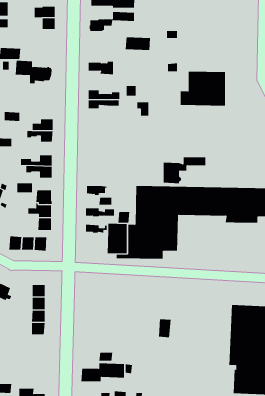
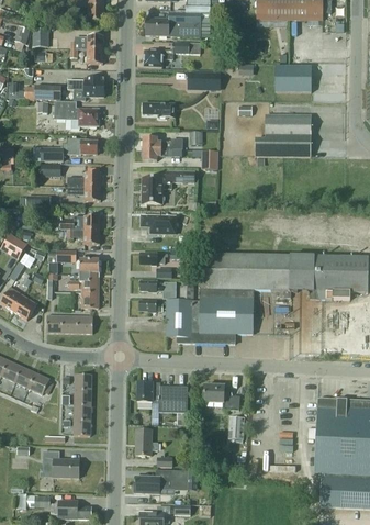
building: none -> [274,64,312,91]
building: none -> [67,76,104,100]
building: none -> [41,136,98,160]
building: none -> [141,214,176,233]
building: [163,157,206,184] -> [142,170,194,203]
building: none -> [137,382,188,412]
building: none -> [203,384,239,409]
building: none -> [135,428,158,455]
building: none -> [43,450,79,477]

